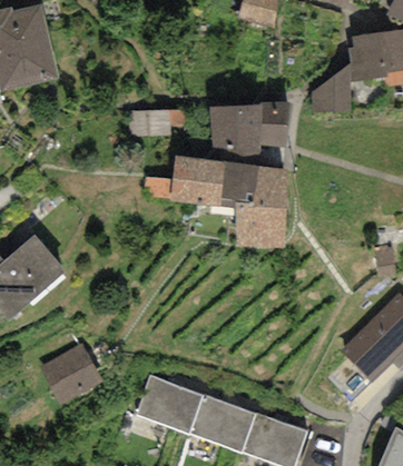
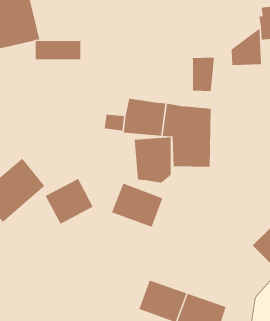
building: [210,103,261,165] -> [134,137,172,183]
building: [124,109,185,135] -> [35,41,81,60]
building: [39,343,104,404] -> [45,178,94,224]
building: [135,375,204,434] -> [111,183,163,228]

